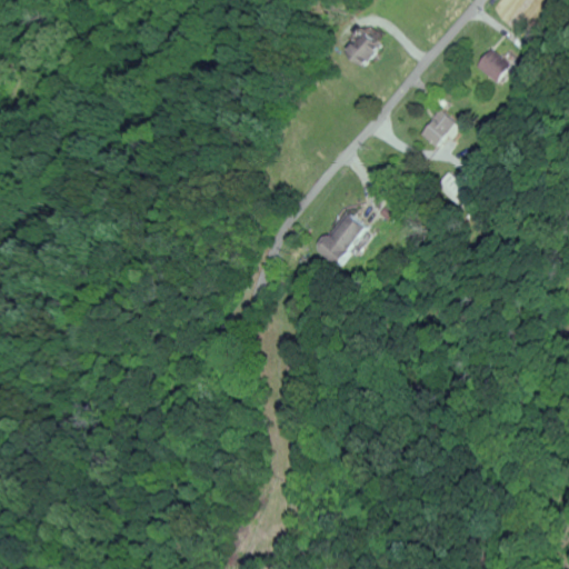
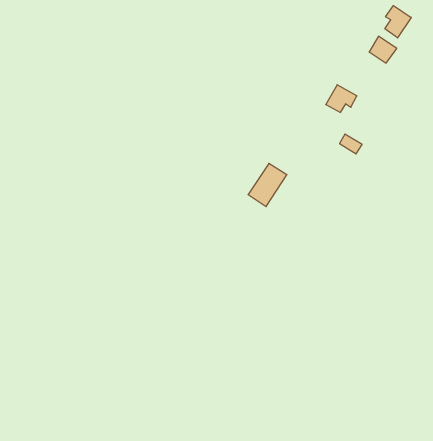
building: none -> [385,6,411,38]
building: [345,32,377,66] -> none

